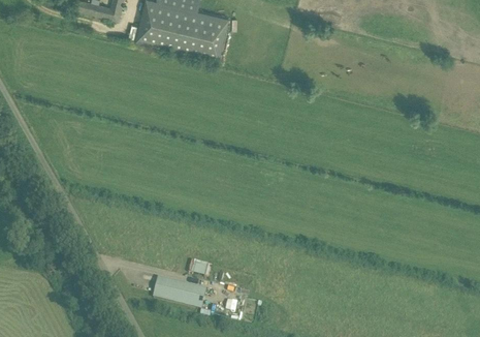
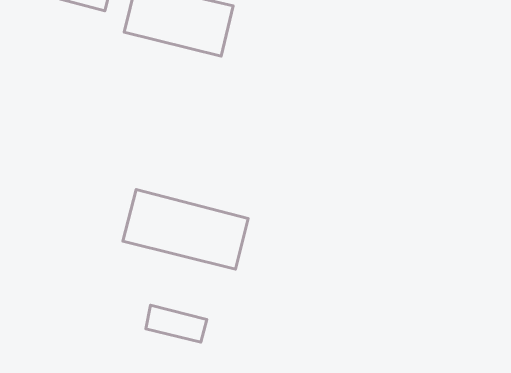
building: none -> [123,190,248,269]

